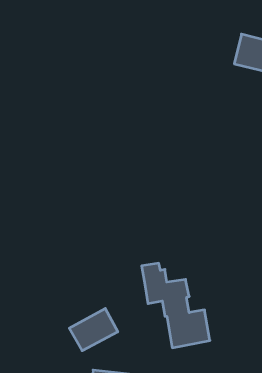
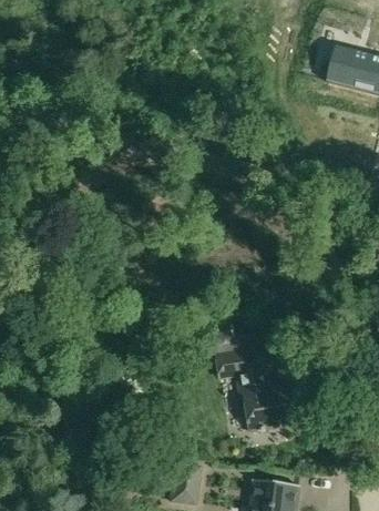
building: [69,308,118,351] -> none

